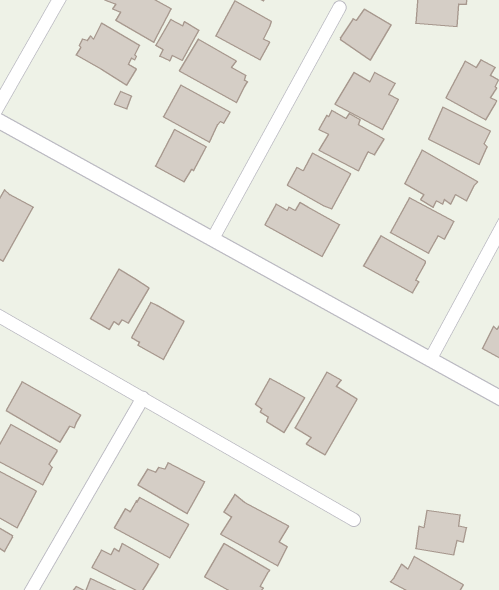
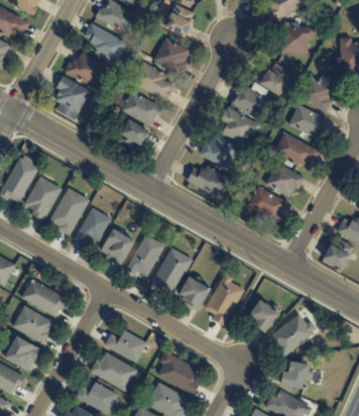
building: [340,9,391,60] -> [260,63,292,95]
building: [156,19,199,61] -> none
building: none -> [54,75,91,119]
building: none -> [24,176,63,220]
building: none -> [49,187,90,235]
building: none -> [126,234,164,276]
building: none -> [151,247,193,292]
building: none -> [250,299,279,332]
building: none -> [271,313,317,356]

